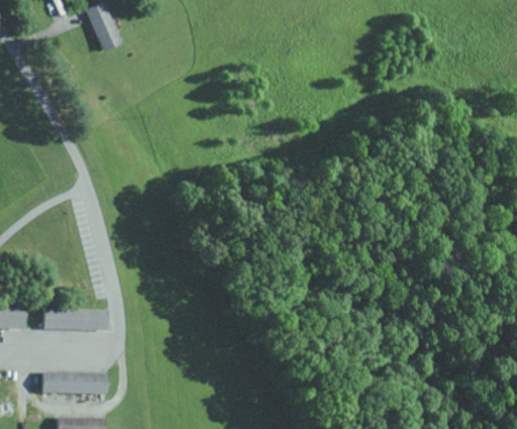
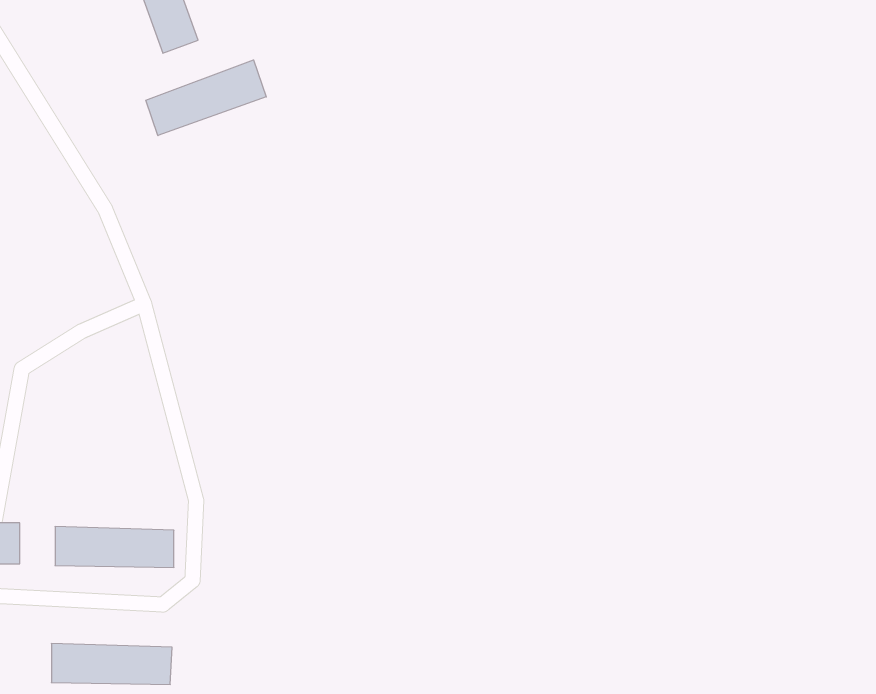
building: none -> [146,60,266,136]

